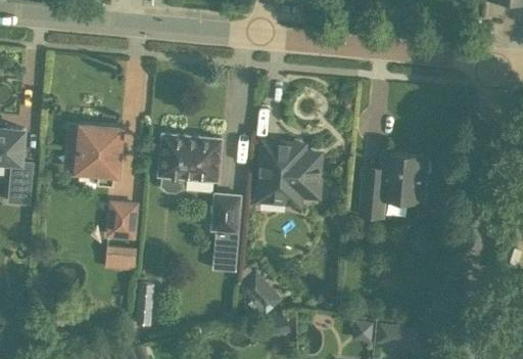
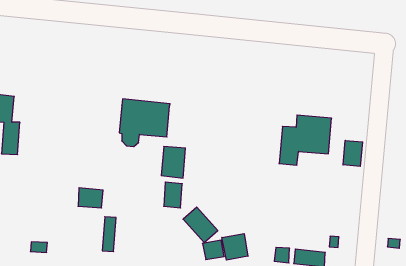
building: [67,127,122,187] -> none
building: [259,143,323,203] -> none
building: none -> [343,140,363,166]
building: [109,205,137,239] -> none
building: none -> [222,234,248,260]

